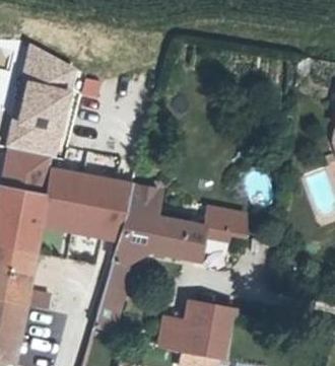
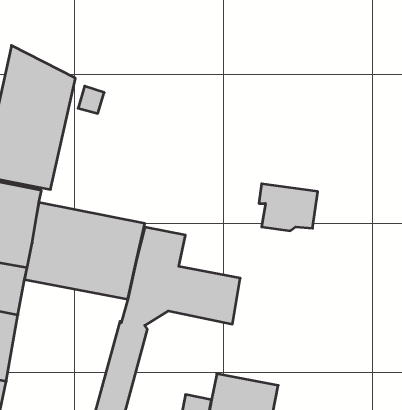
building: [204,205,250,241] -> [259,184,318,231]

